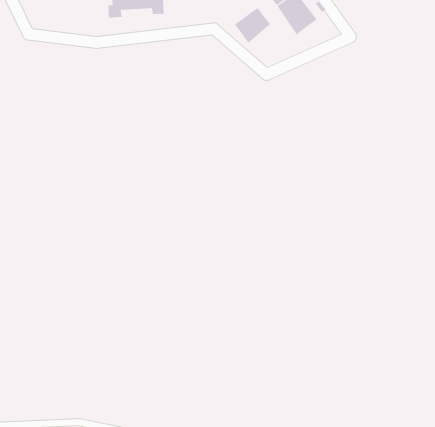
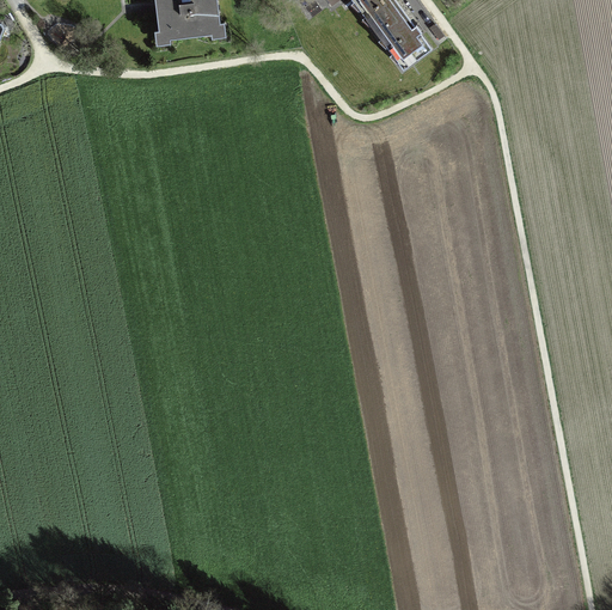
building: [234,7,271,43] -> none

